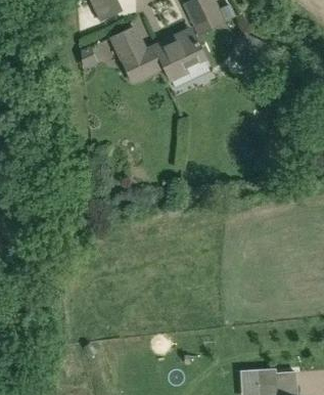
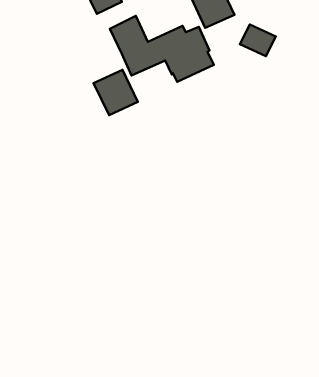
building: none -> [94,70,138,115]

